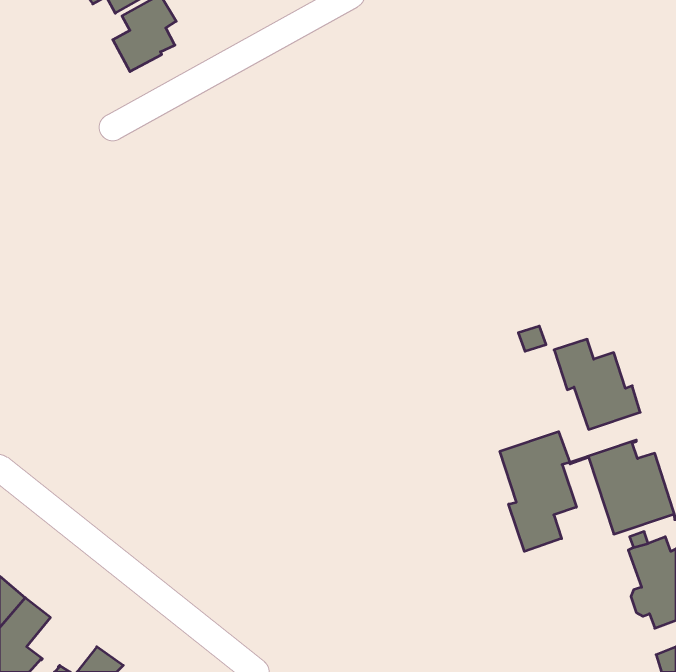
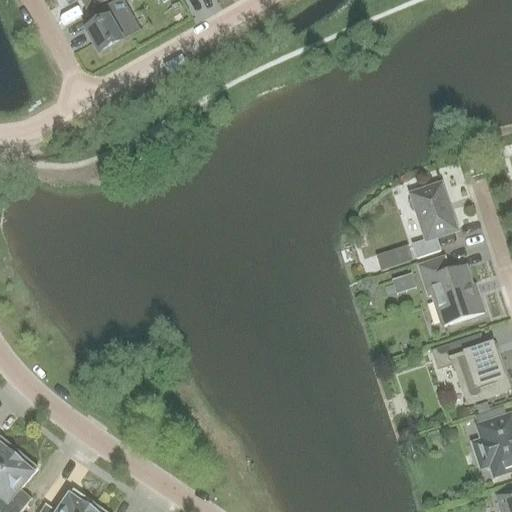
building: none -> [409,182,456,256]
building: [500,432,576,551] -> none

